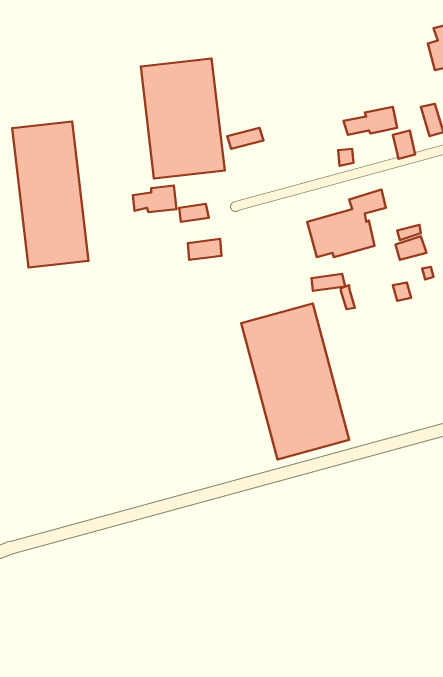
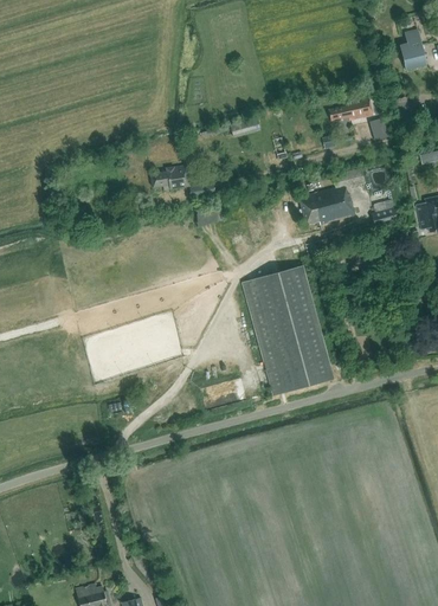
building: [141,58,225,179] -> none
building: [12,122,88,268] -> none

